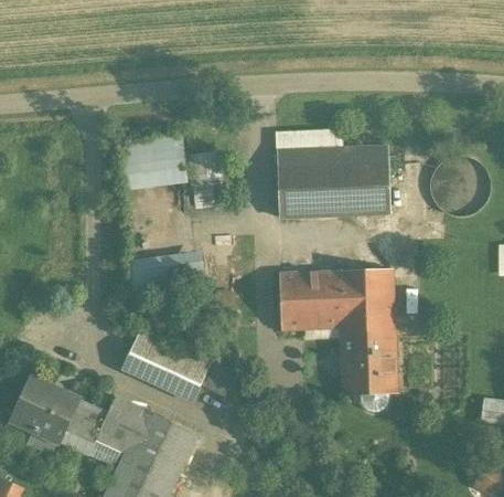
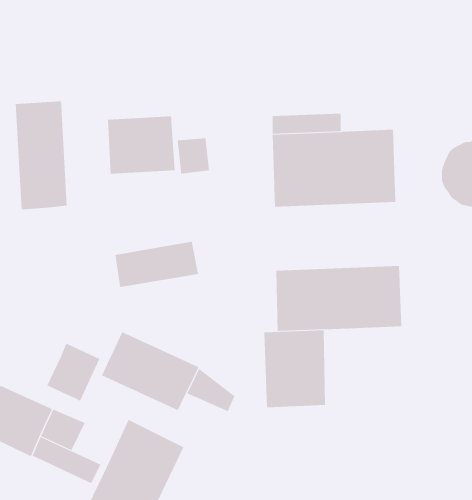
building: none -> [15,100,67,210]
building: [339,325,395,395] -> [264,330,326,408]
building: [95,399,143,452] -> [46,343,100,401]

